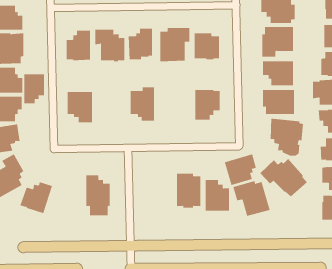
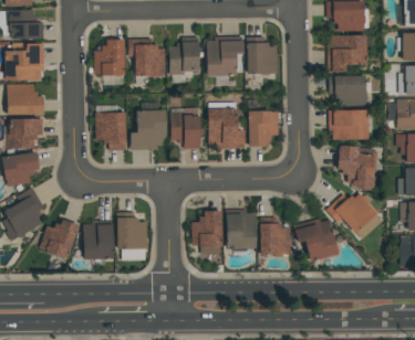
building: [24,73,44,104] -> none
building: none -> [208,103,245,148]
building: none -> [129,110,166,149]
building: [224,154,257,186] -> none
building: none -> [191,211,222,255]
building: none -> [83,220,113,259]

